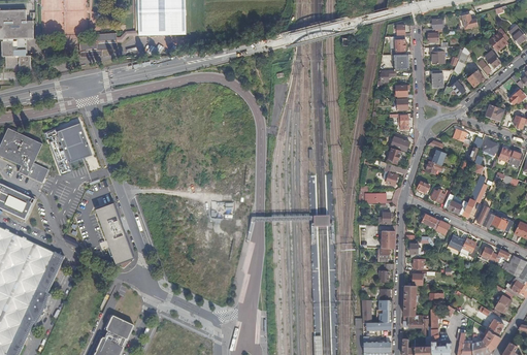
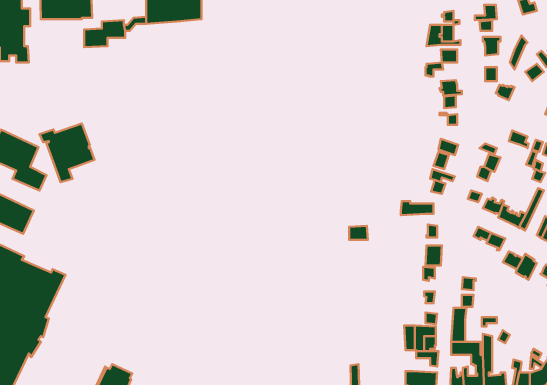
building: [96,202,132,263] -> none
building: [103,316,132,343] -> none

